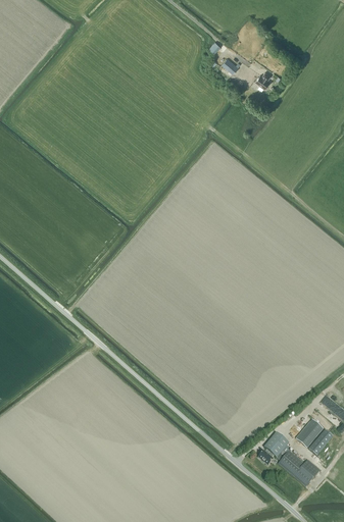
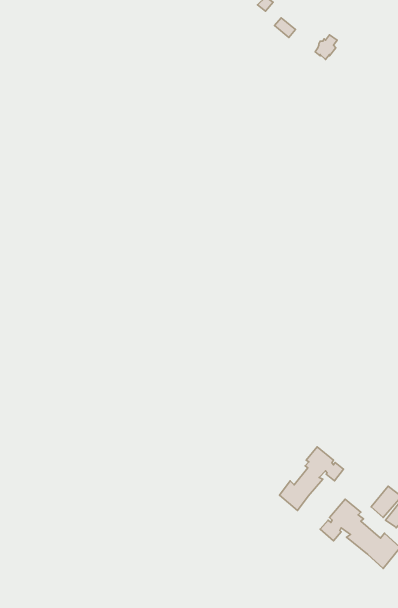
building: none -> [279,447,343,510]

